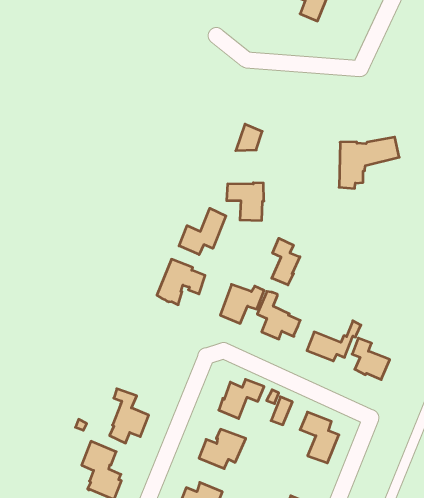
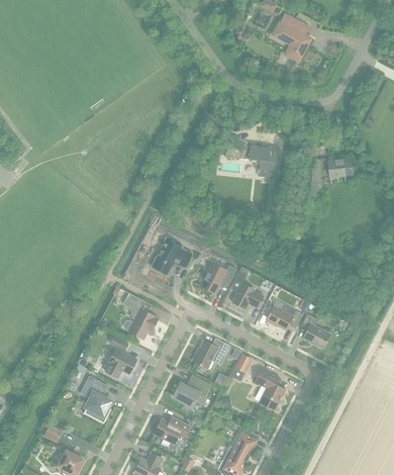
building: [227,183,264,220] -> [249,146,279,177]
building: [179,208,226,255] -> none
building: [272,238,300,285] -> none
building: none -> [123,292,158,339]

